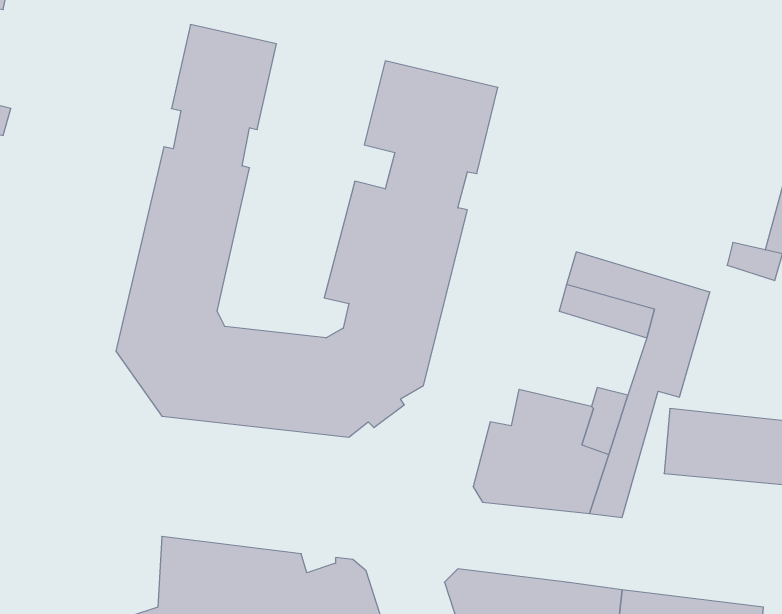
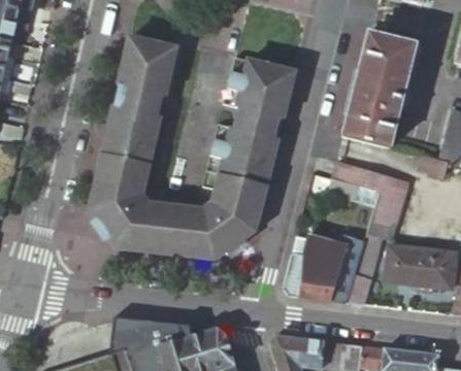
building: none -> [343,33,416,147]

